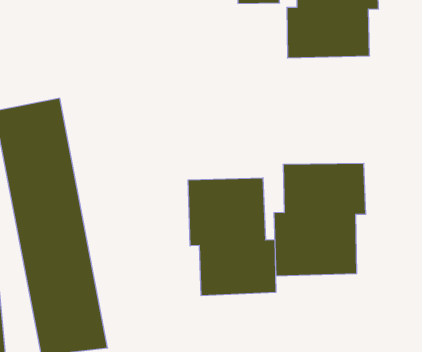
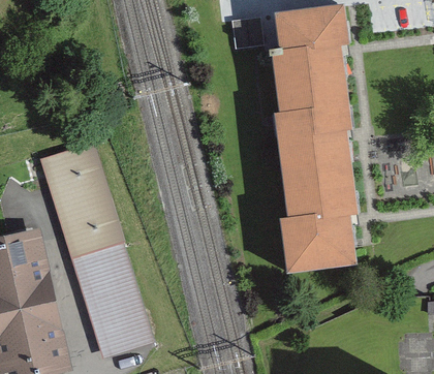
building: none -> [276,80,348,177]
building: [188,178,276,296] -> none

